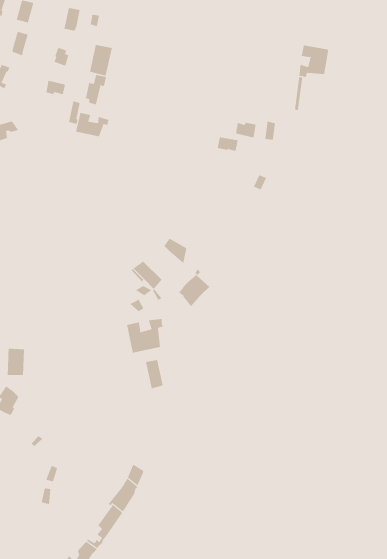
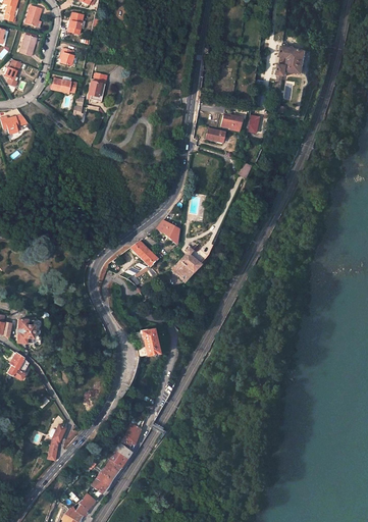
building: [89,44,112,77] -> none
building: [76,112,110,137] -> none
building: [126,318,164,354] -> none

